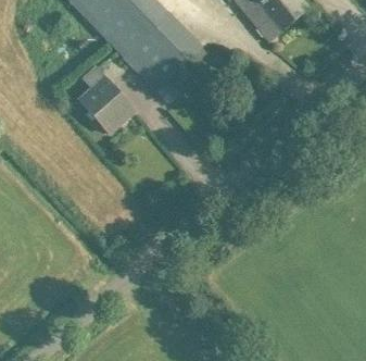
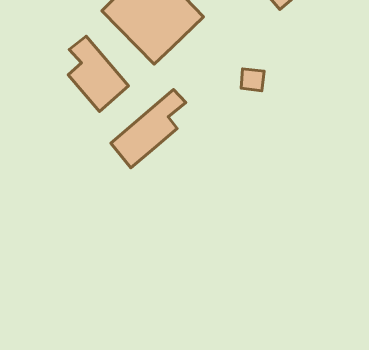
building: none -> [111,90,186,168]

